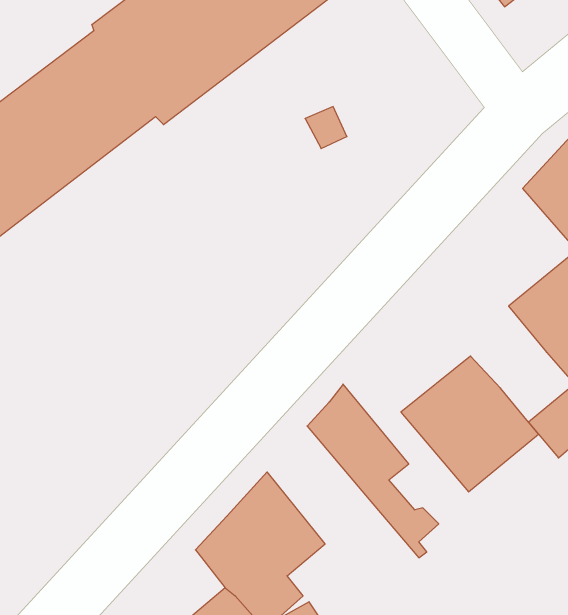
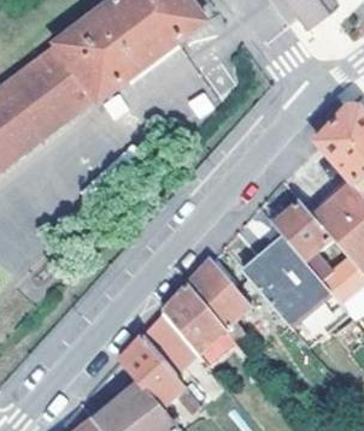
building: none -> [272,200,331,259]
building: none -> [163,282,227,353]

